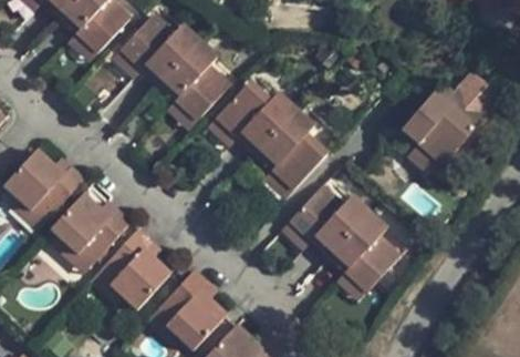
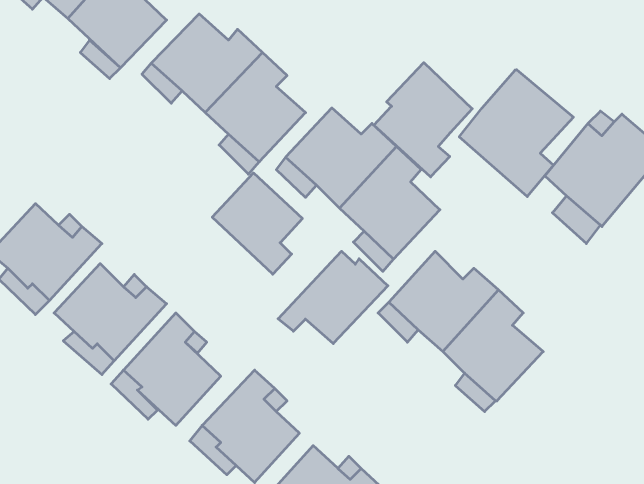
building: none -> [374,63,472,177]
building: none -> [459,70,573,197]
building: none -> [212,173,302,274]
building: none -> [278,251,388,344]

